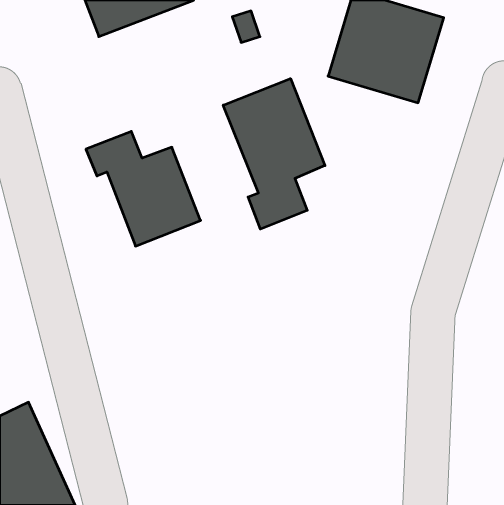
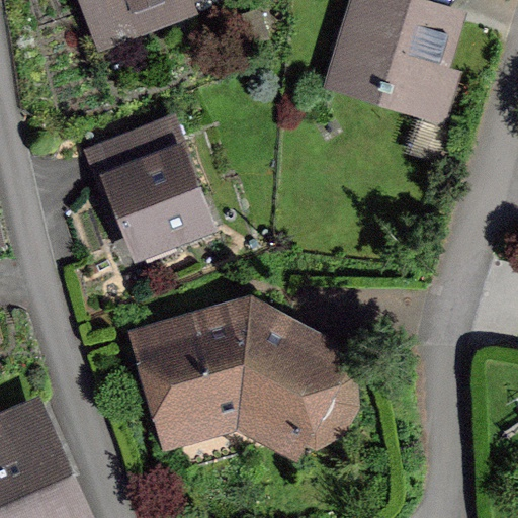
building: [223,79,325,229] -> none
building: none -> [144,318,337,433]

